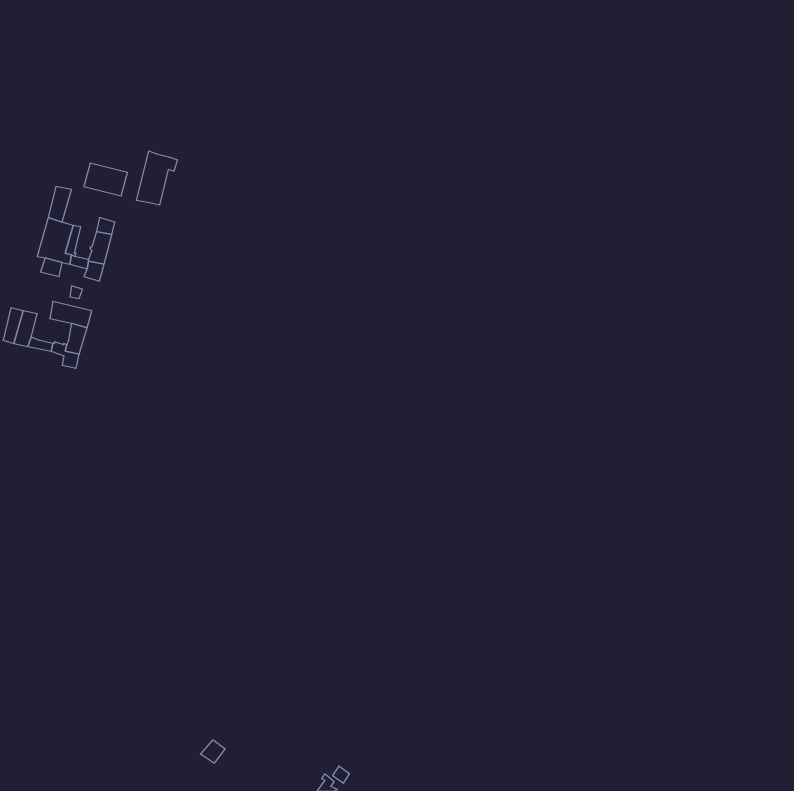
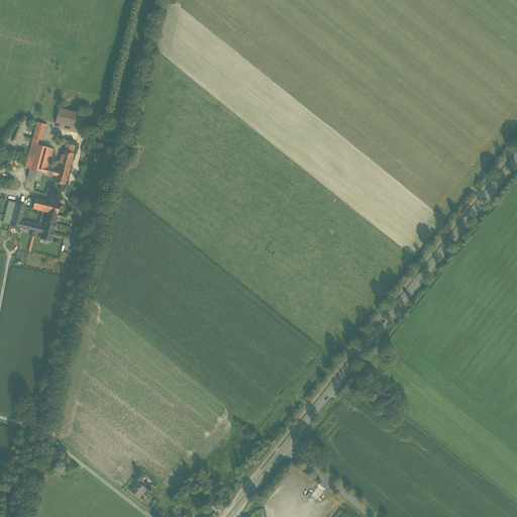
building: [136,151,178,205] -> none

